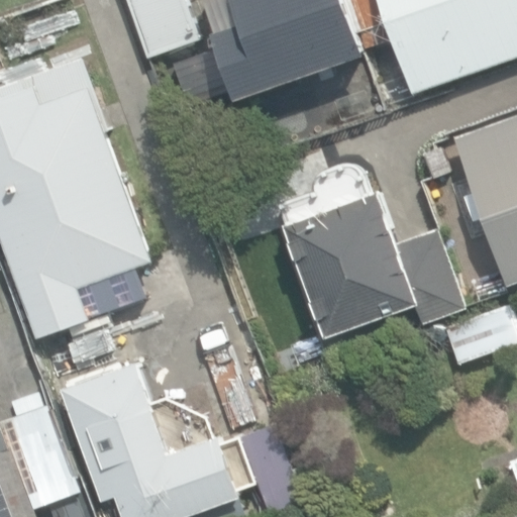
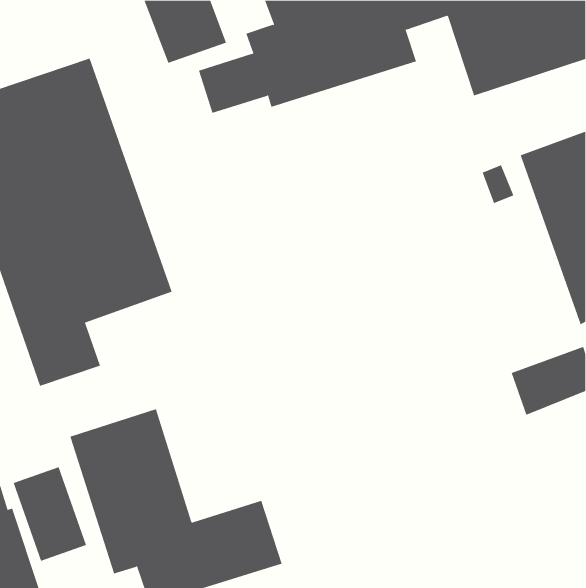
building: [280,169,463,339] -> none

